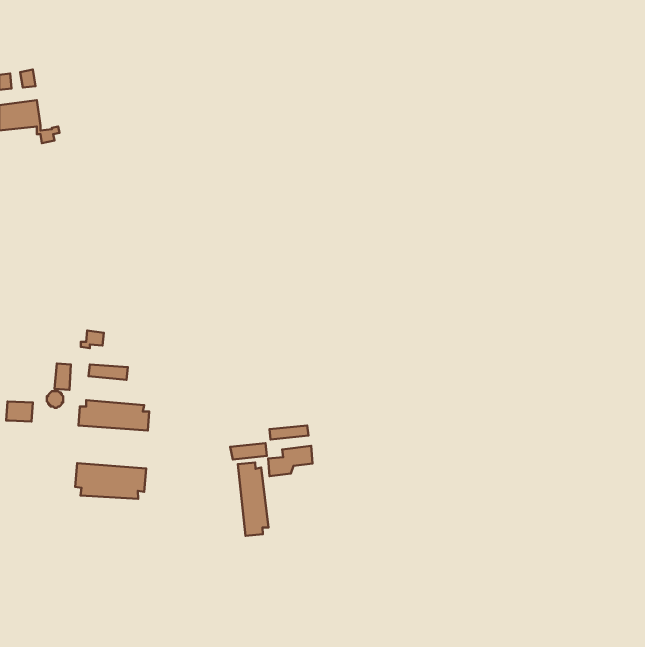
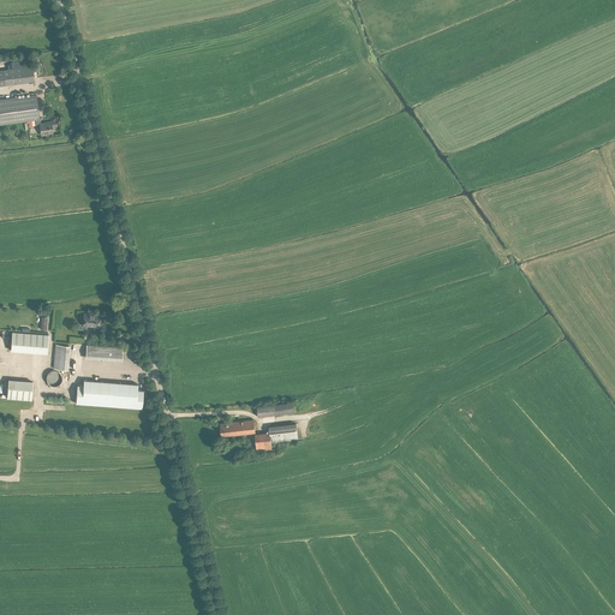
building: none -> [10,333,47,353]
building: [238,462,268,536] -> none
building: [75,463,146,499] -> none

